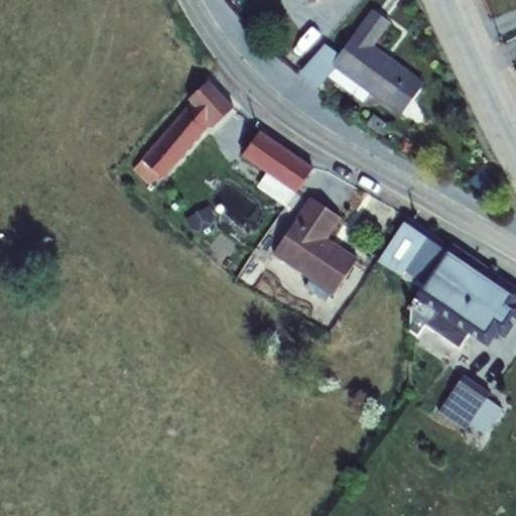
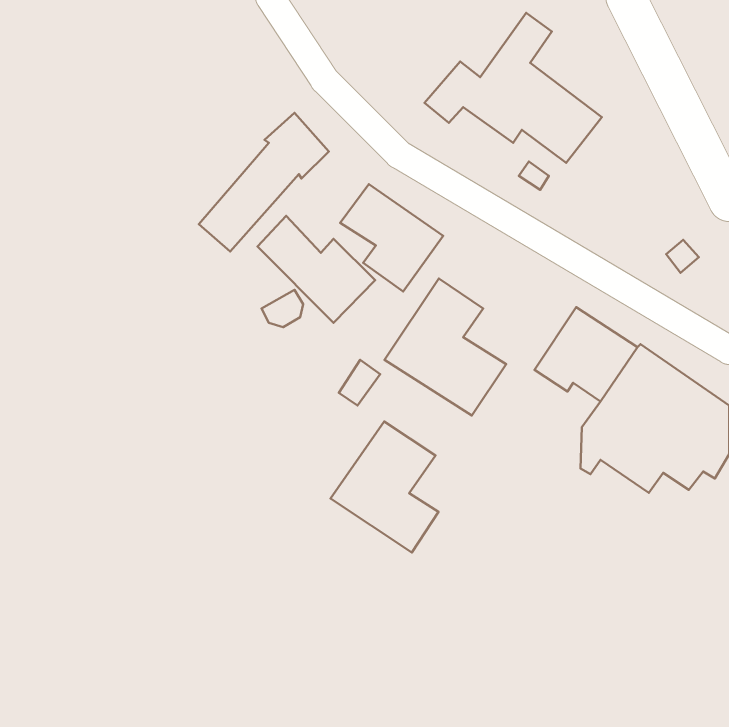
building: none -> [258,216,375,323]
building: none -> [331,422,438,552]
building: [437,374,502,434] -> none

